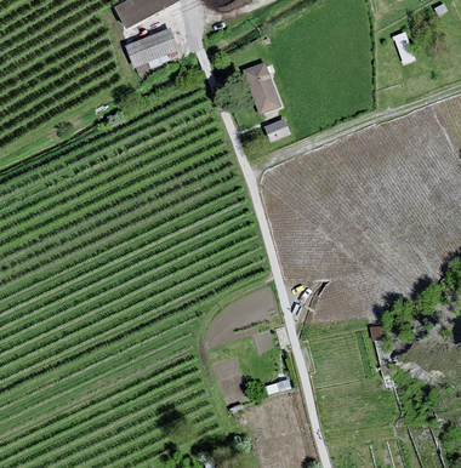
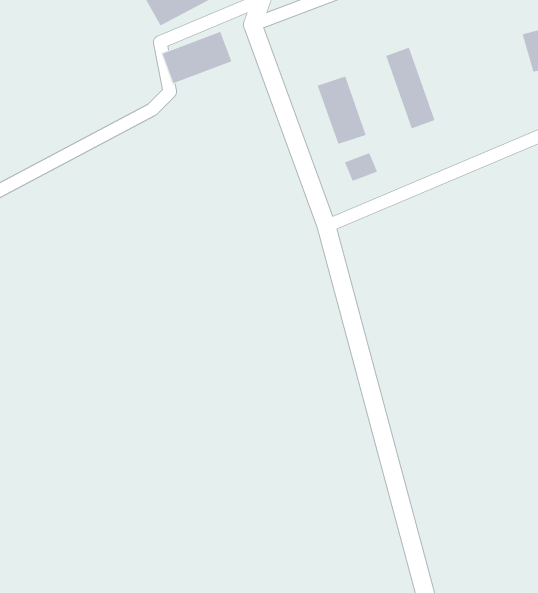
building: none -> [386,47,435,129]

